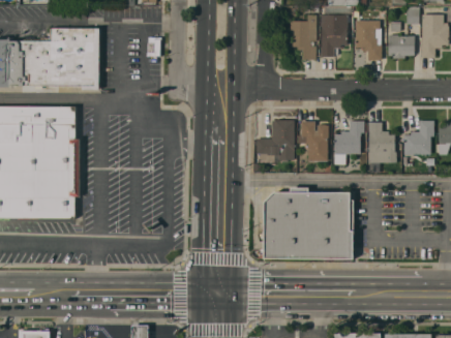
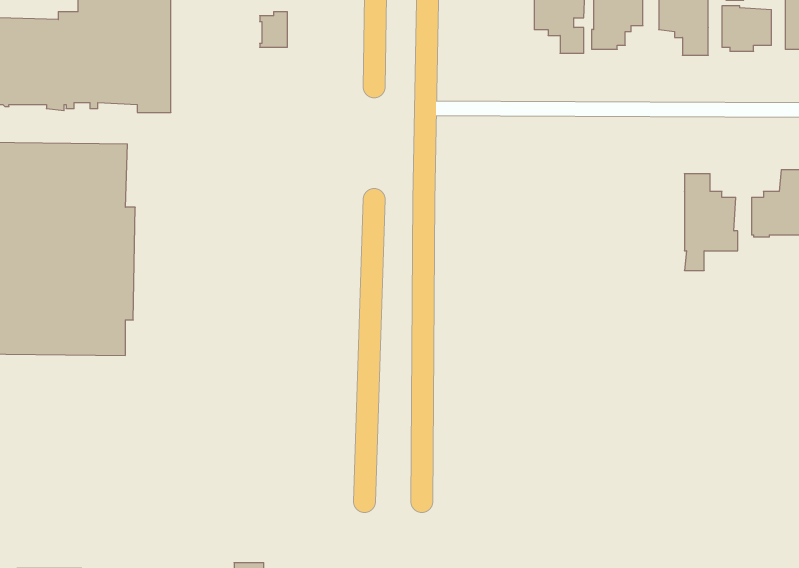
building: [255,120,294,162] -> none
building: [298,121,328,160] -> none
building: [334,121,364,164] -> none
building: [264,192,354,259] -> none

